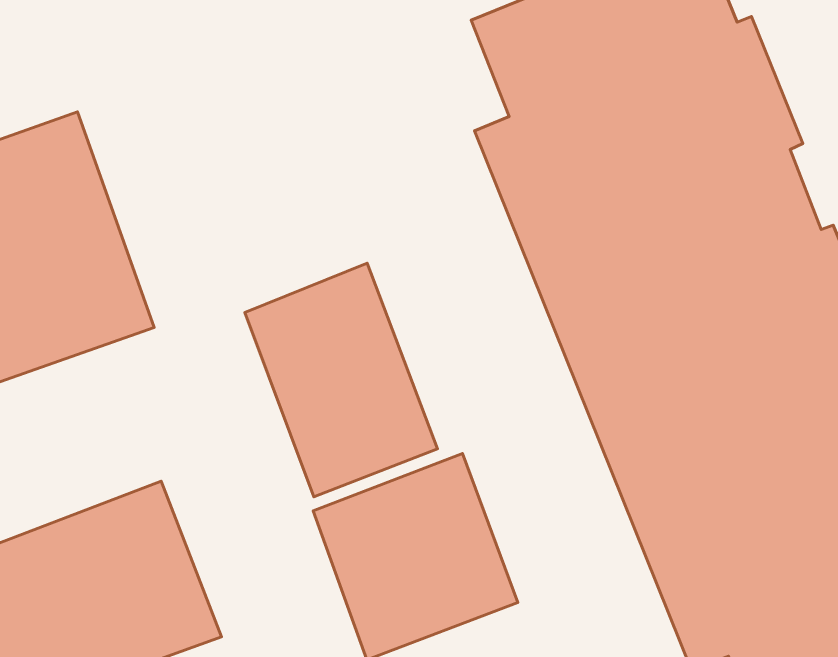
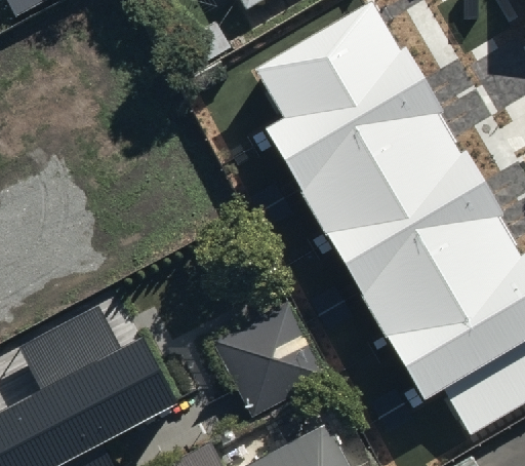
building: [245,263,437,497] -> none

